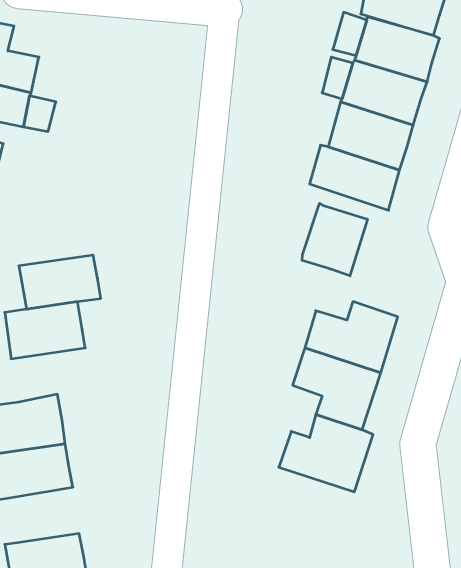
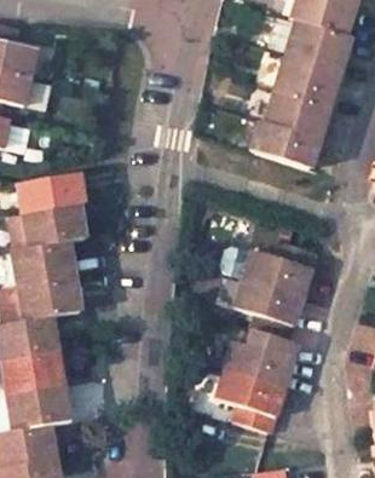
building: [302,203,367,276] -> none
building: none -> [16,173,86,214]
building: none -> [15,278,77,321]
building: none -> [214,372,283,434]
building: none -> [13,386,77,431]

